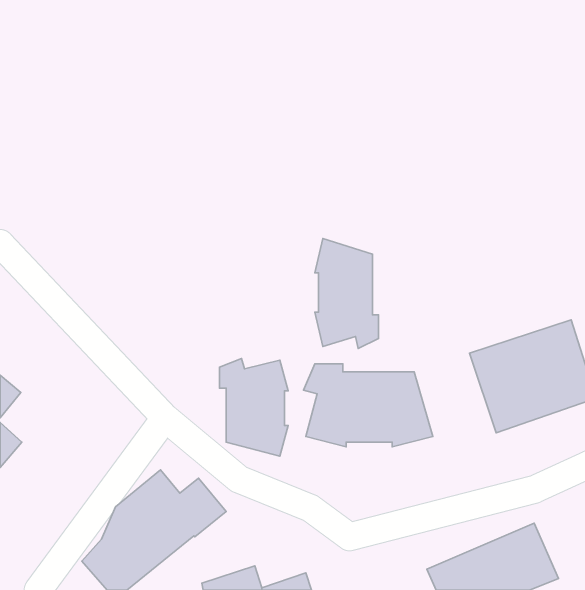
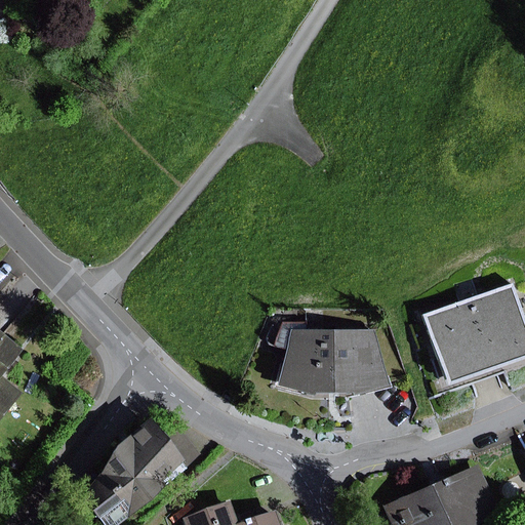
building: [315,238,379,348] -> none
building: [220,358,288,456] -> none

